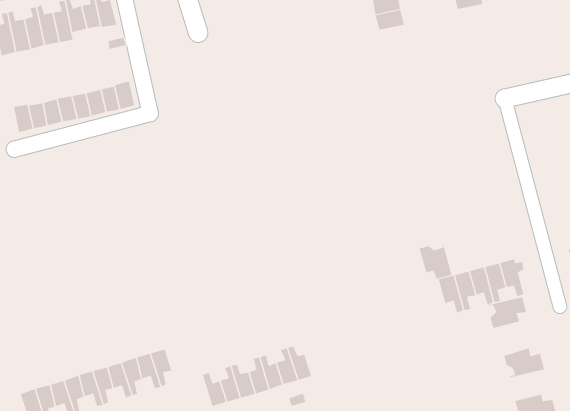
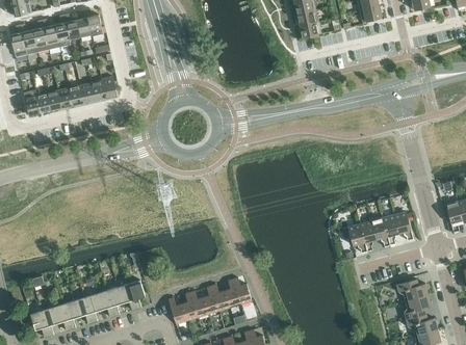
building: [419,242,452,280] -> none
building: [487,297,527,328] -> [402,295,432,319]

